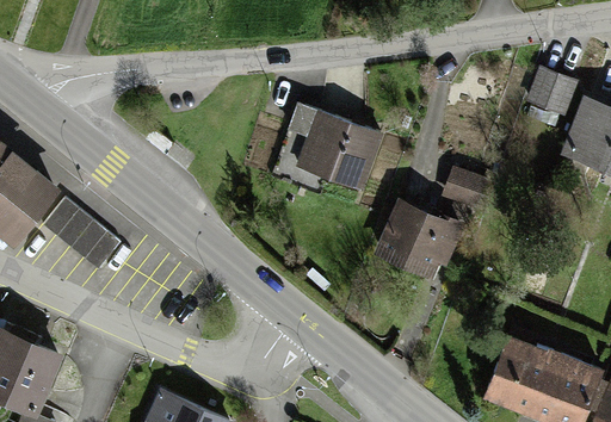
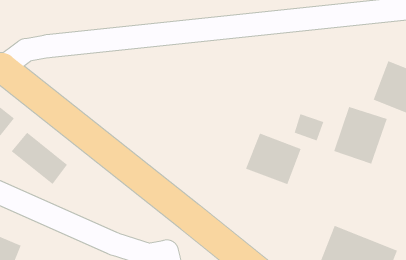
building: [523,72,573,119] -> none
building: [297,107,378,188] -> none
building: none -> [334,106,387,165]

